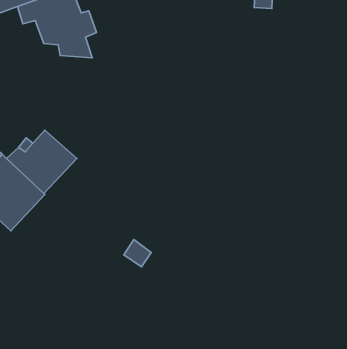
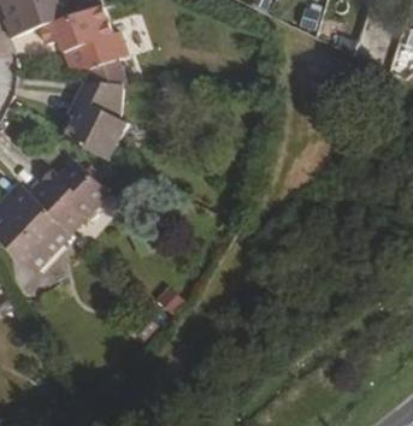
building: none -> [63,79,126,159]

